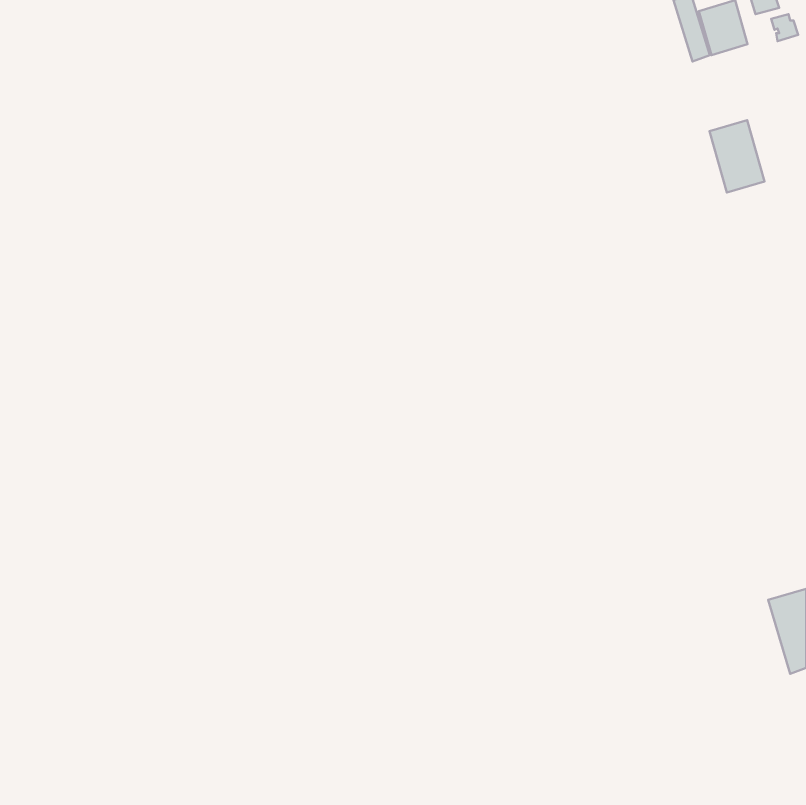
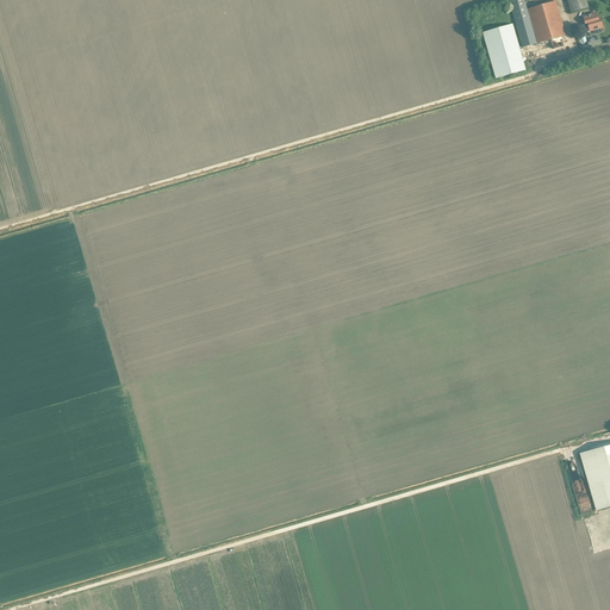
building: [709,120,765,193] -> [484,23,525,77]

